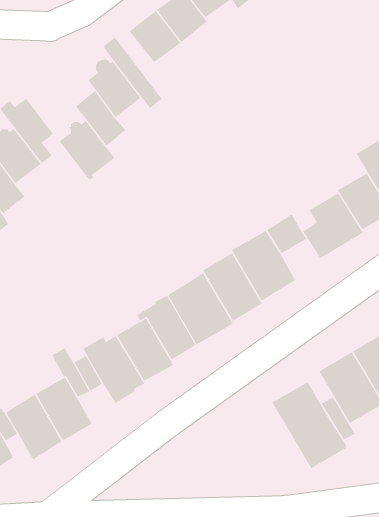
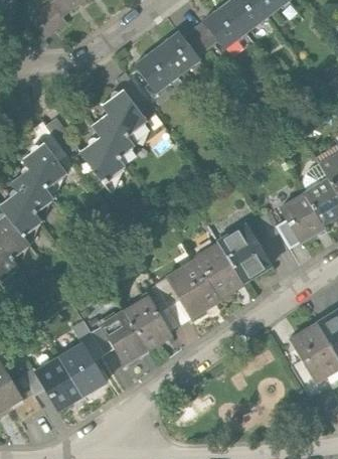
building: [272,381,347,469] -> none

